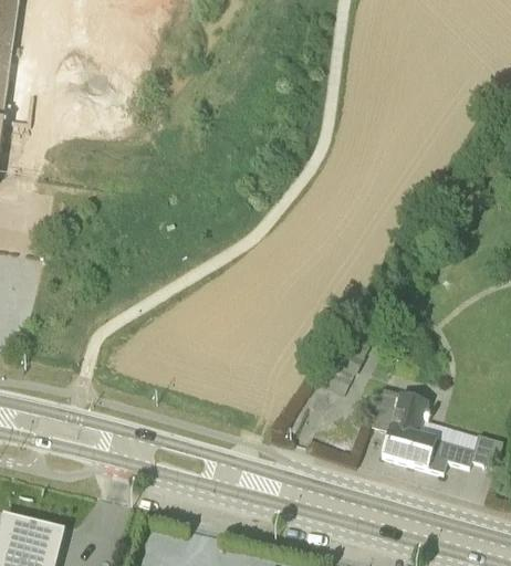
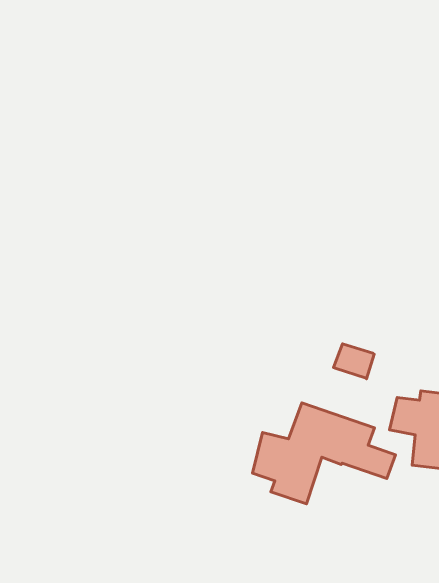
building: none -> [252,403,396,504]

